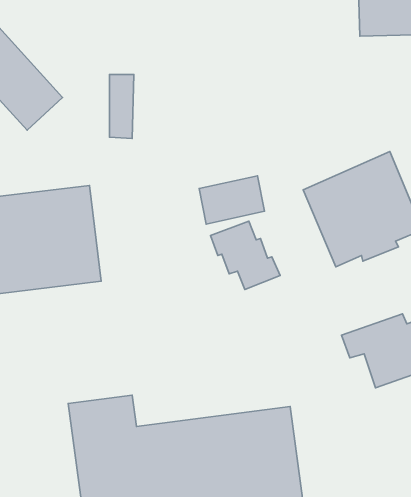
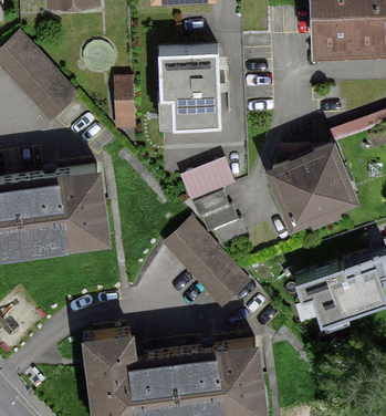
building: none -> [159,52,220,127]
building: none -> [163,222,249,311]

